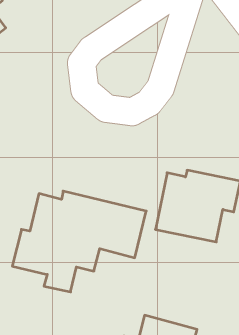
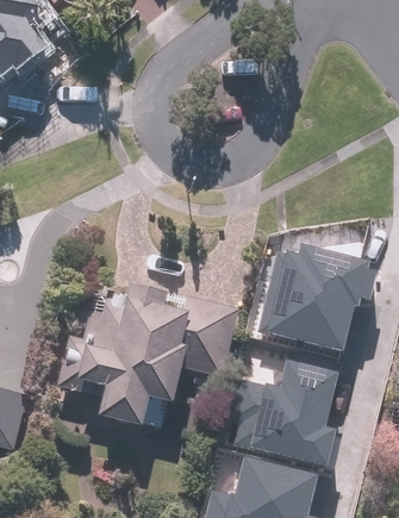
building: none -> [227,358,337,462]

